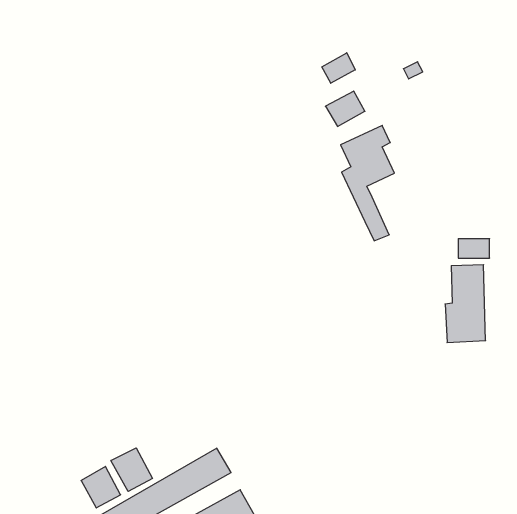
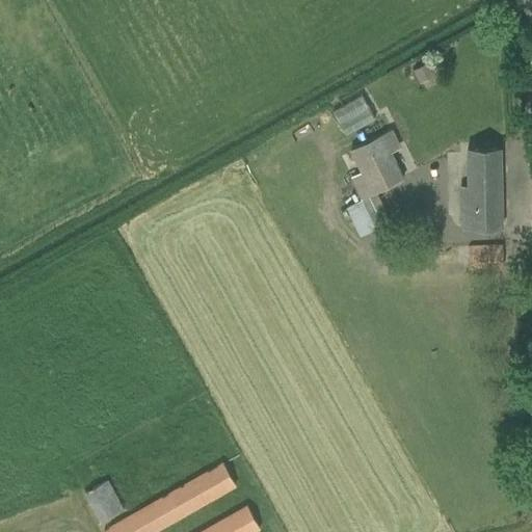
building: [322,53,355,83] -> none
building: [445,265,486,343] -> [460,152,502,232]
building: [111,448,152,491] -> none

